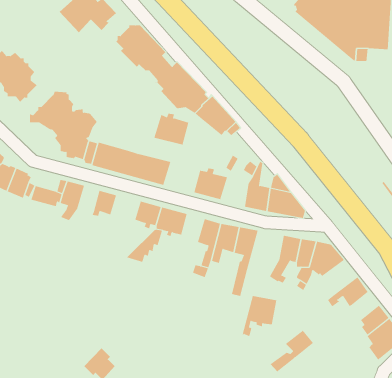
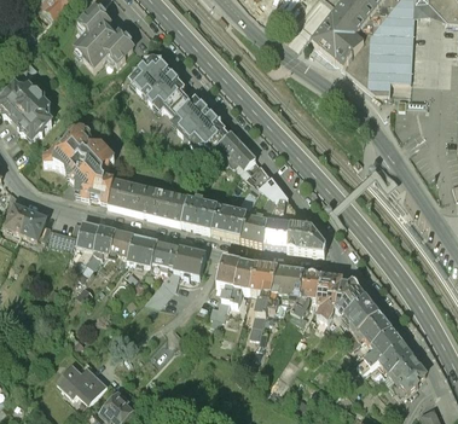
building: [154,113,189,145] -> [181,193,218,226]
building: none -> [239,210,267,240]
building: none -> [85,219,115,260]
building: none -> [127,228,157,259]
building: none -> [343,295,379,331]
building: [242,295,277,337] -> [267,265,303,307]
building: none -> [56,358,105,396]
building: [270,330,314,372] -> [356,327,401,371]

